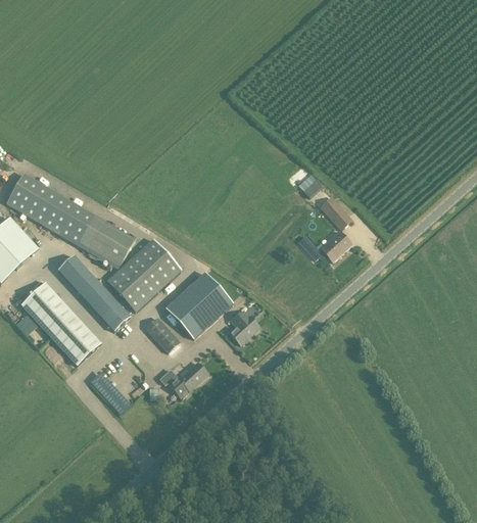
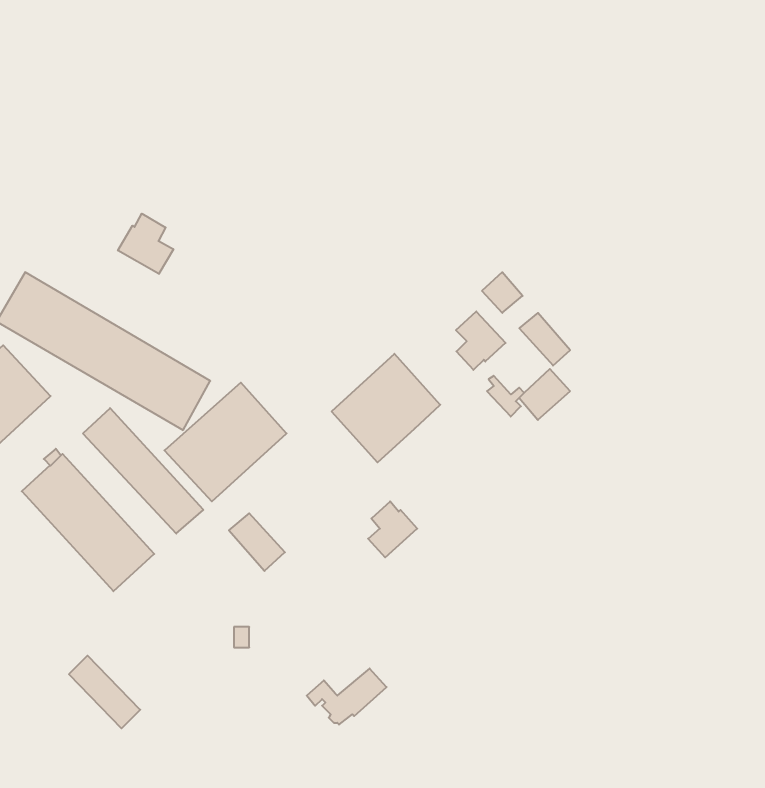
building: none -> [118,214,173,274]
building: none -> [456,311,506,370]
building: [165,273,231,338] -> [332,354,440,462]
building: [159,362,207,395] -> [307,668,387,725]
building: [90,370,133,414] -> [69,656,140,728]

